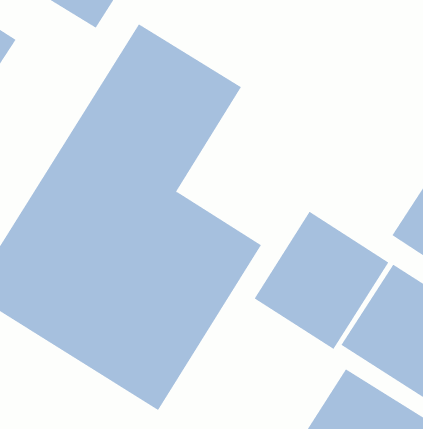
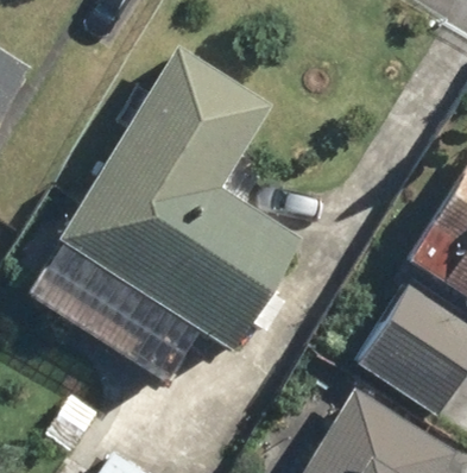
building: [254,211,389,350] -> none

